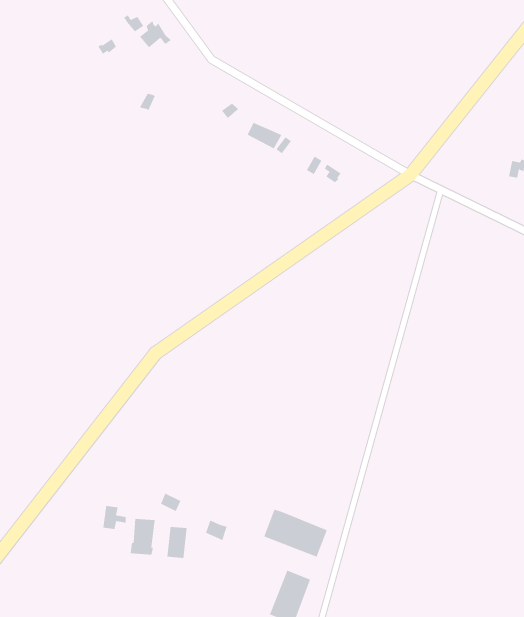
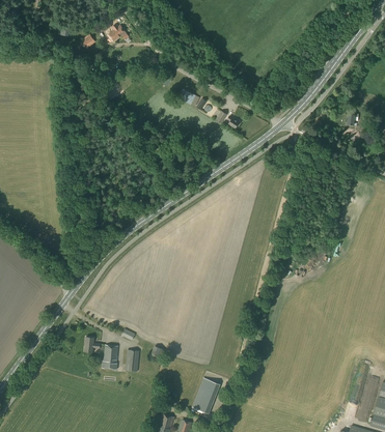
building: [264,509,327,558] -> none

